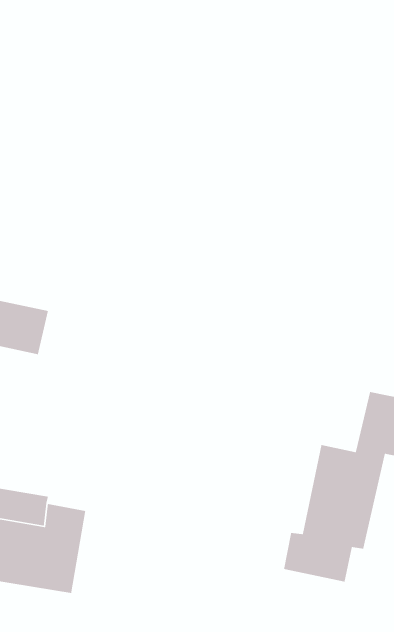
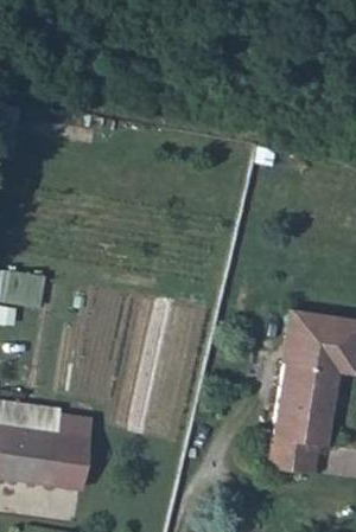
building: none -> [285,316,325,373]

